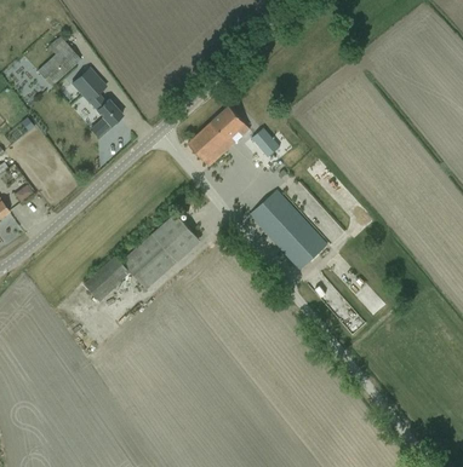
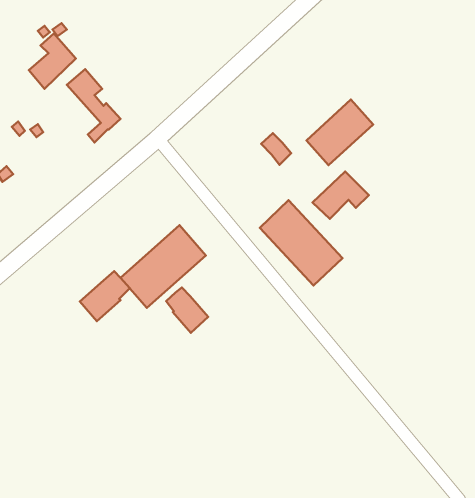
building: [188,105,250,166] -> [306,100,373,165]
building: none -> [312,172,369,219]
building: none -> [166,287,208,333]

